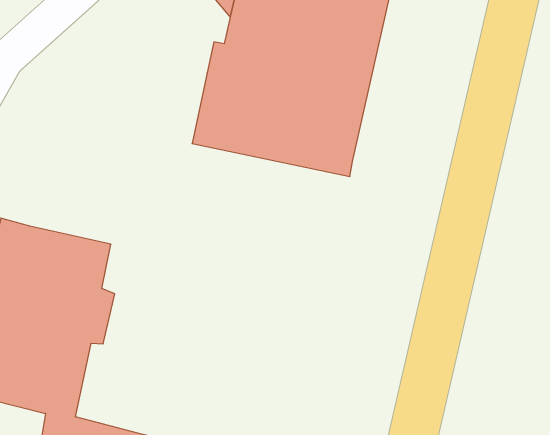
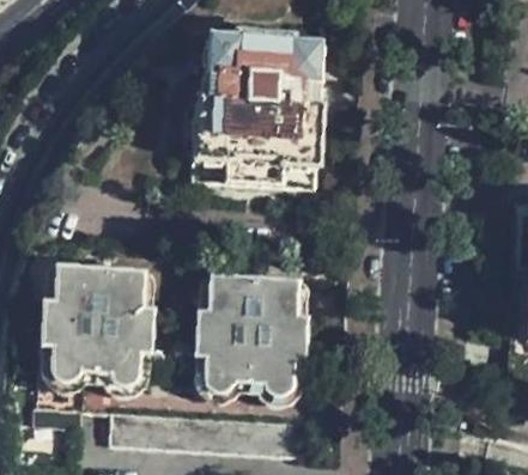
building: none -> [195,276,304,397]

